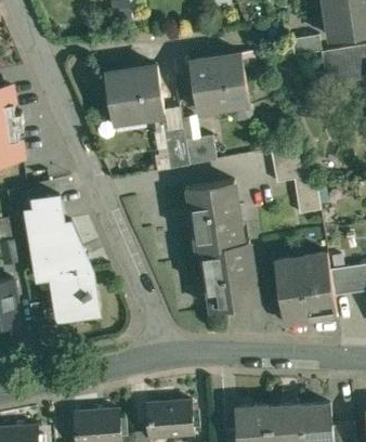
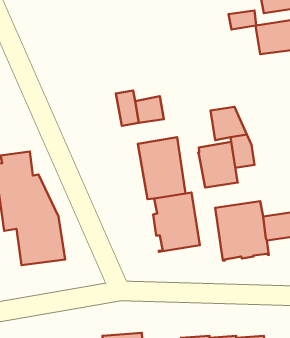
building: [188,51,249,117] -> none
building: [105,65,164,119] -> none
building: none -> [198,142,238,187]

